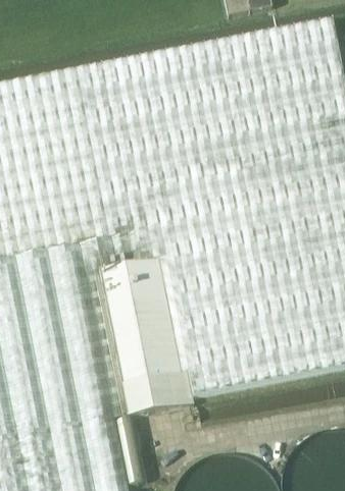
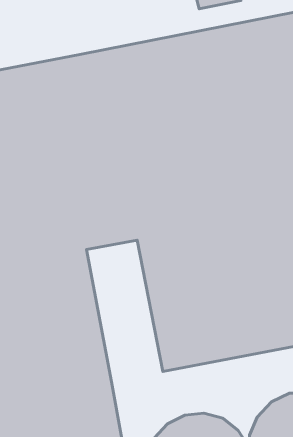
building: [106,262,188,414] -> none

